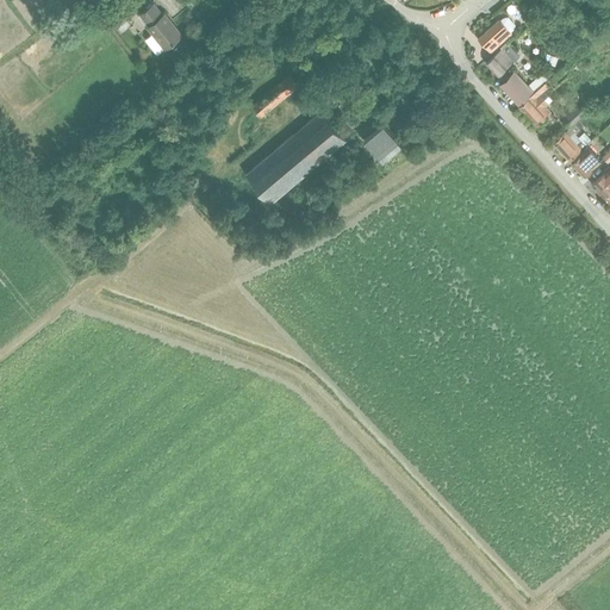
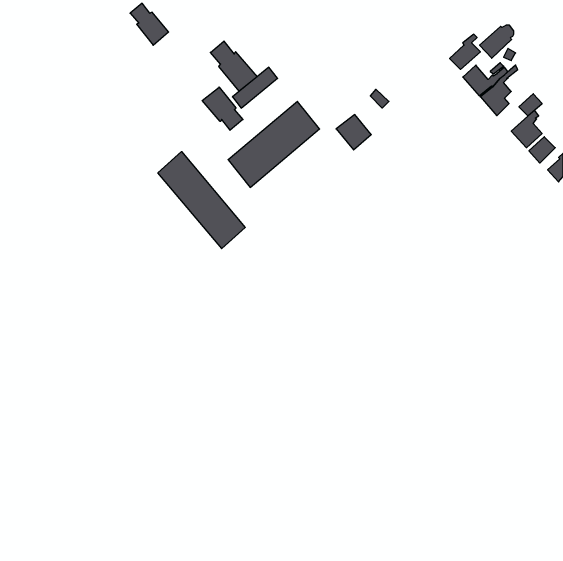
building: [478,19,515,55] -> [480,25,514,58]
building: none -> [210,41,257,91]
building: none -> [202,87,243,130]
building: none -> [158,152,245,249]

